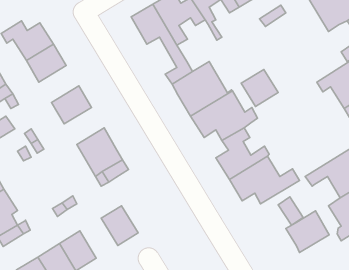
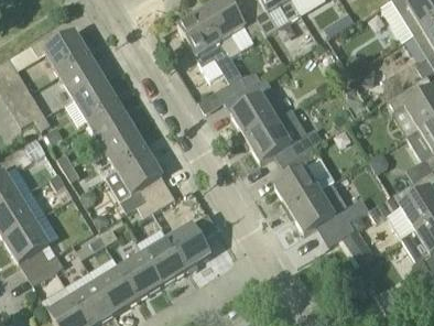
building: none -> [74,79,119,121]
building: [241,69,278,106] -> none
building: none -> [102,127,148,169]
building: none -> [167,214,217,269]
building: [286,211,329,253] -> none
building: none -> [120,252,163,297]

